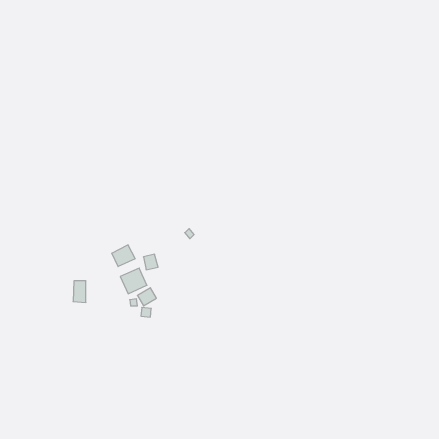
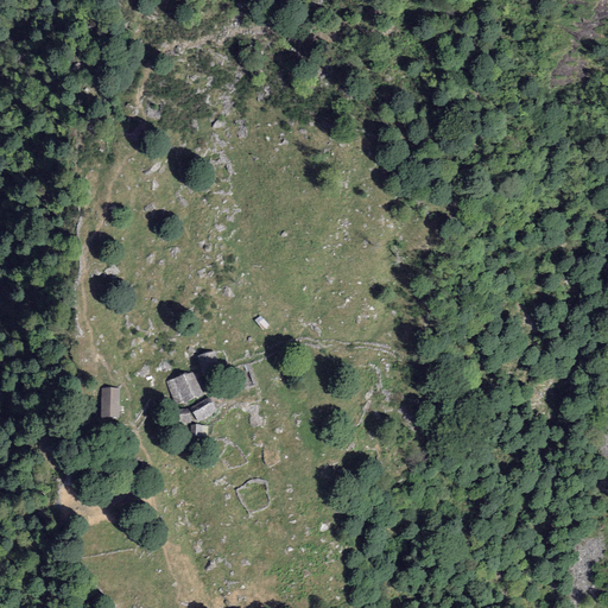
building: [112,245,135,267] -> none

